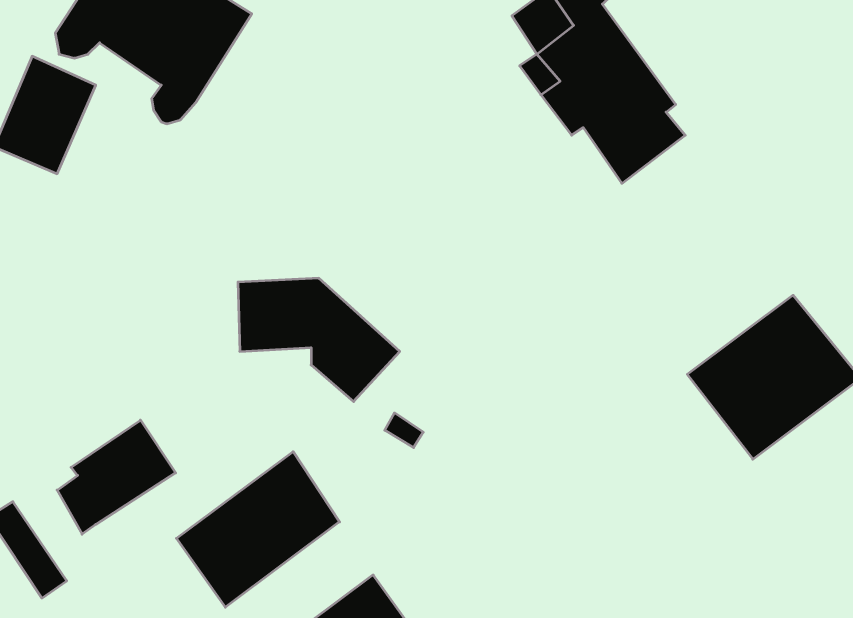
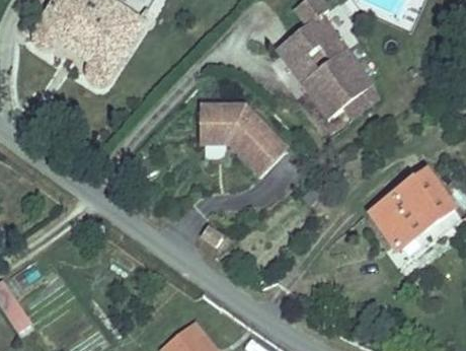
building: [238,278,400,402] -> [199,113,284,178]
building: [57,420,176,534] -> none
building: [176,452,340,607] -> none

